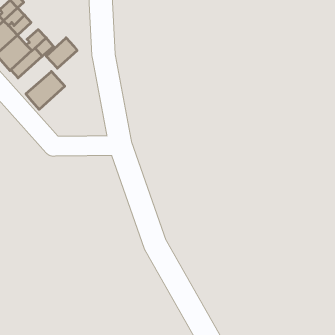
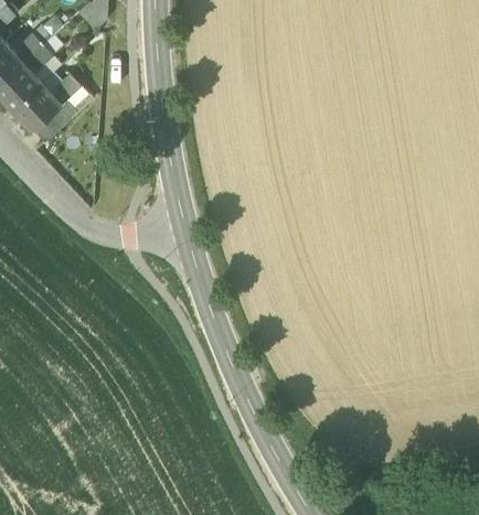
building: [46,38,77,68] -> none
building: [26,71,65,109] -> none

